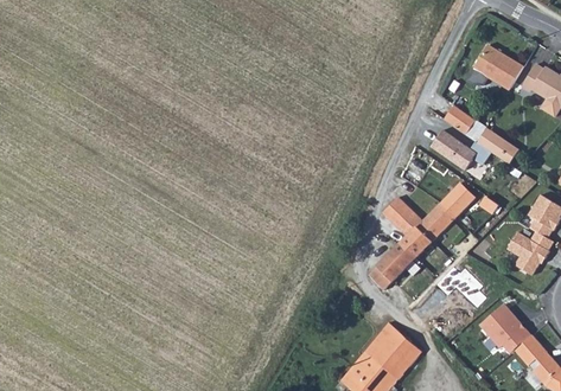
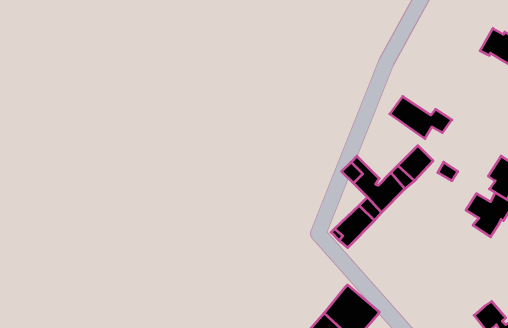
building: [476,44,525,89] -> none
building: [442,104,476,134] -> none
building: [477,130,519,167] -> none
building: [479,306,527,357] -> none

